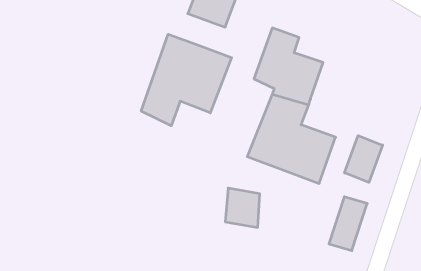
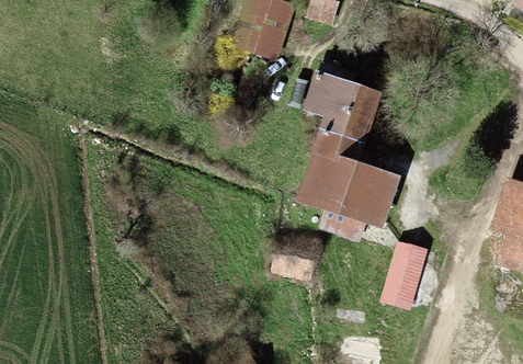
building: [141,34,232,126] -> none
building: [345,136,383,182] -> none

